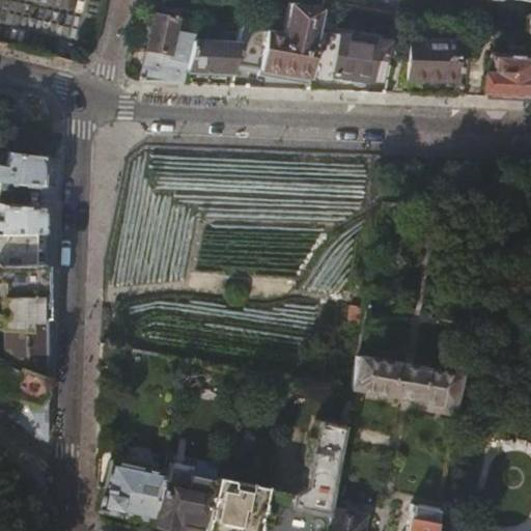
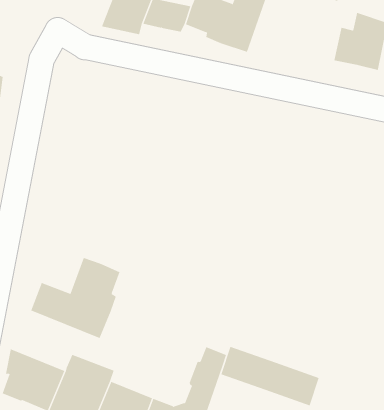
building: [333,33,388,82] -> none
building: none -> [30,257,120,339]
building: [354,357,465,409] -> [220,346,319,406]

